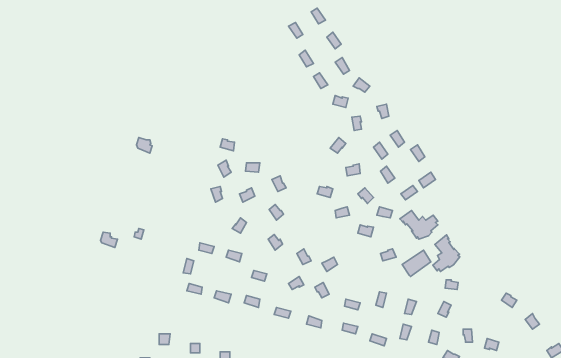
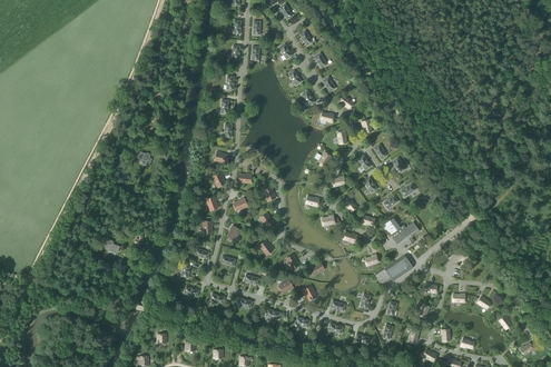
building: [433,235,460,272] -> none

